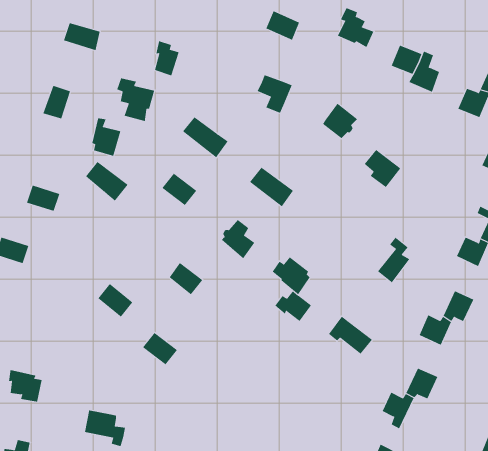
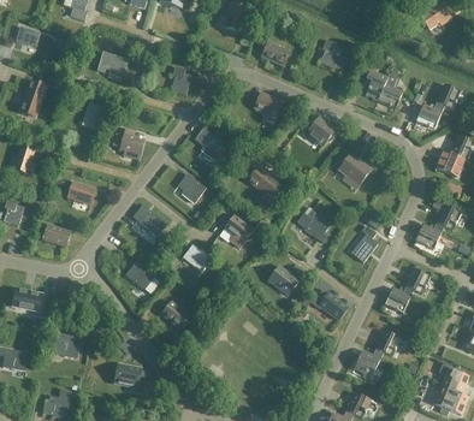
building: [117,77,155,122] -> none
building: [85,161,128,201] -> [132,204,167,237]
building: [272,257,310,295] -> [297,209,328,241]

